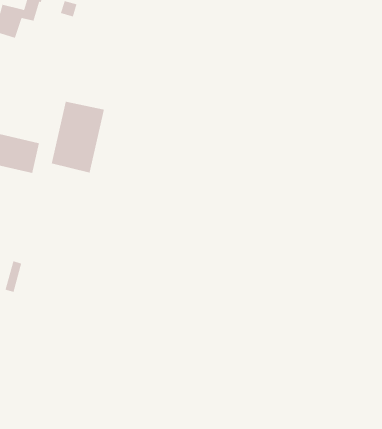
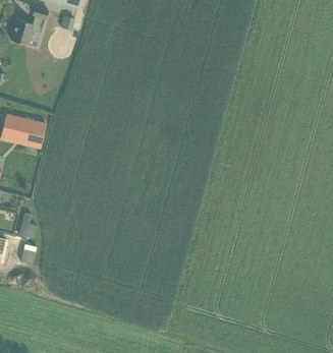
building: [51,101,105,173] -> none

